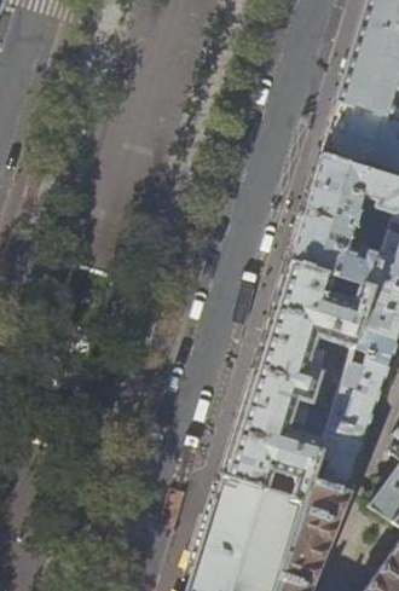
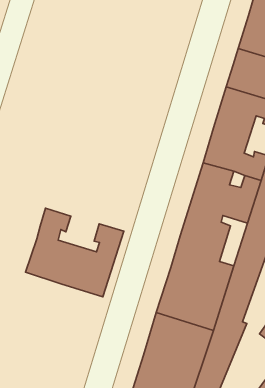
building: none -> [25,208,124,297]

